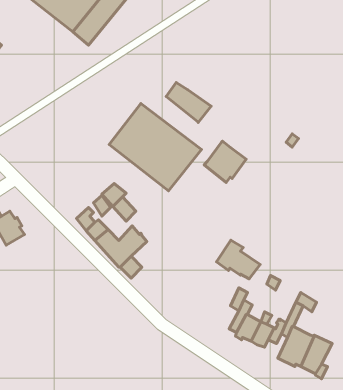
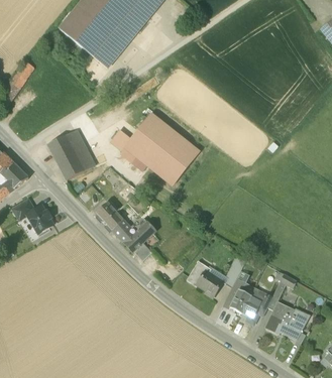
building: [166,83,211,123] -> none
building: none -> [48,129,95,178]
building: [204,141,246,183] -> none
building: [216,240,260,279] -> [187,261,223,293]

